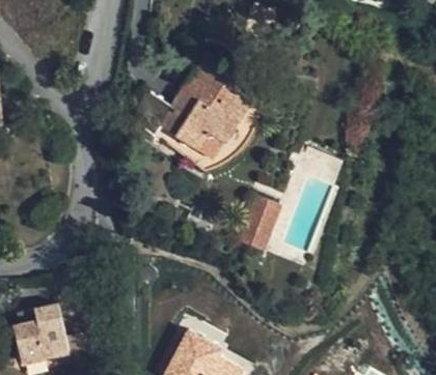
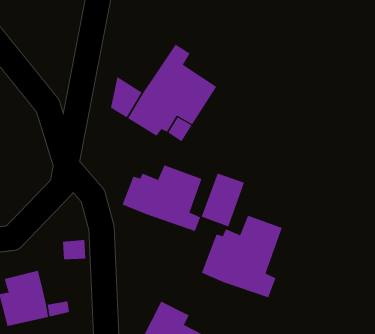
building: none -> [122,165,202,232]
building: none -> [201,215,283,298]

